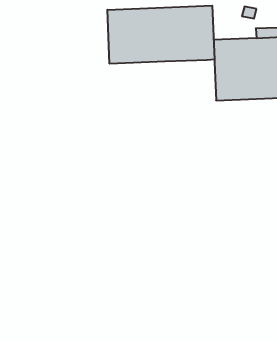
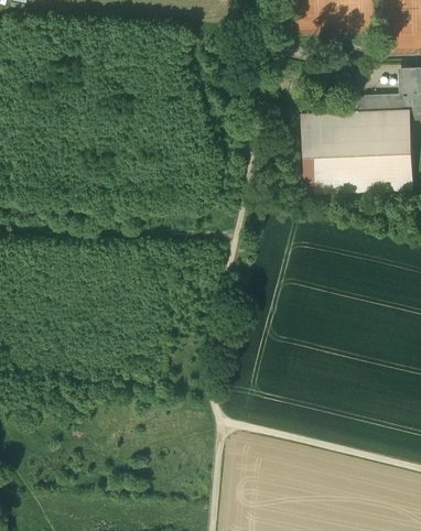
building: [107,6,214,64] -> none

